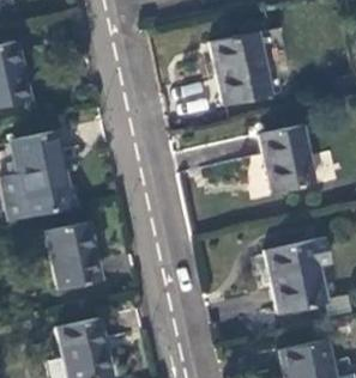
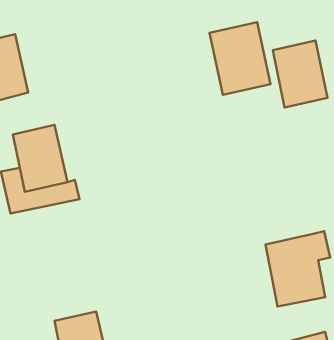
building: [261,126,316,193] -> [273,40,328,107]
building: [46,224,101,292] -> none

